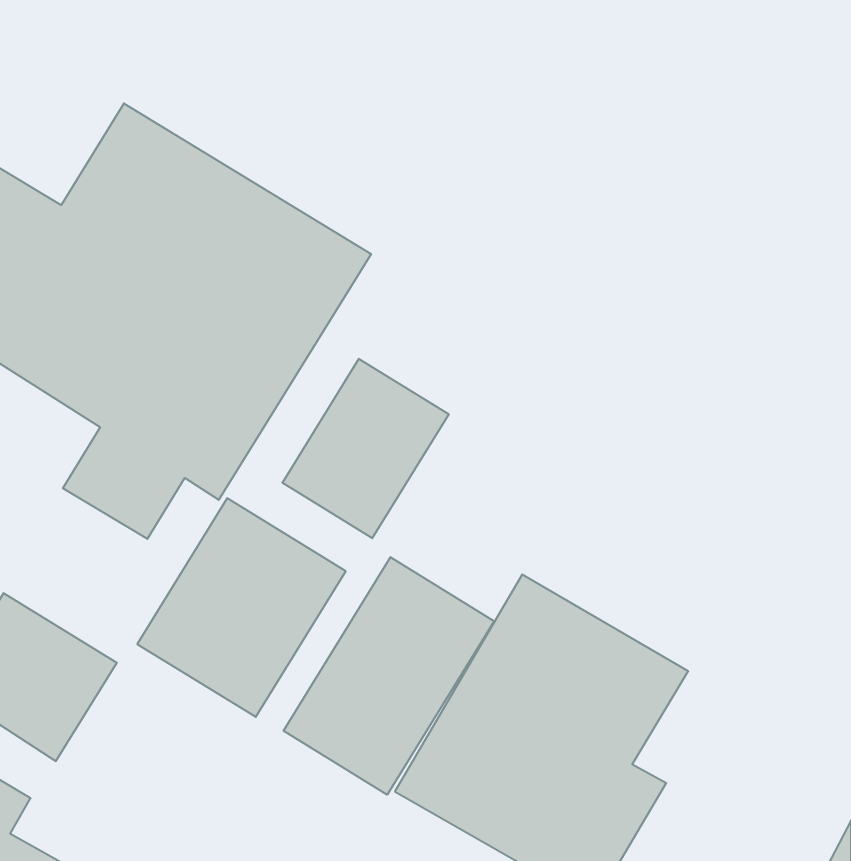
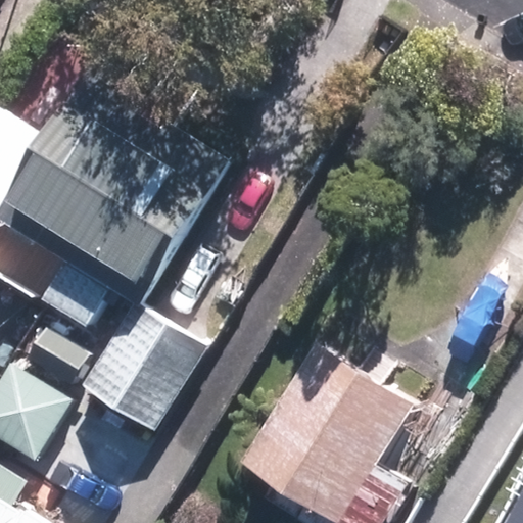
building: [282,359,449,538] -> none
building: [284,557,494,795] -> none

